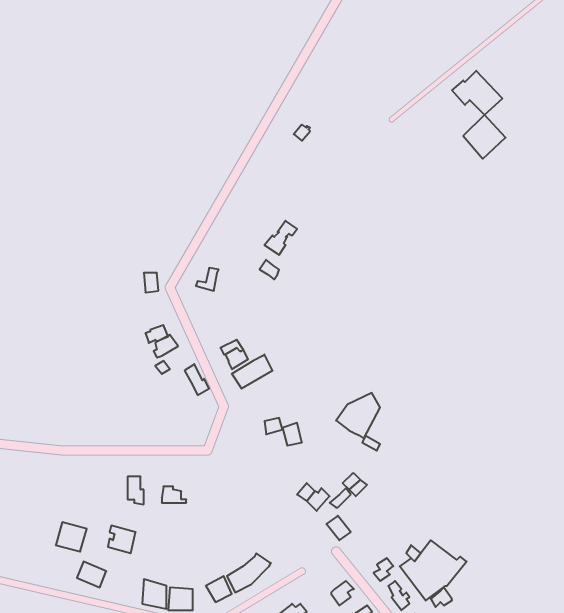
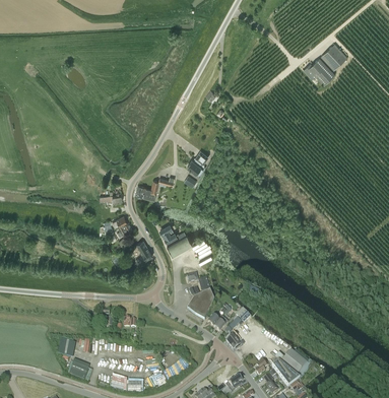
building: [463,115,506,159] -> [321,42,347,69]
building: [336,393,380,439] -> [187,289,214,318]

